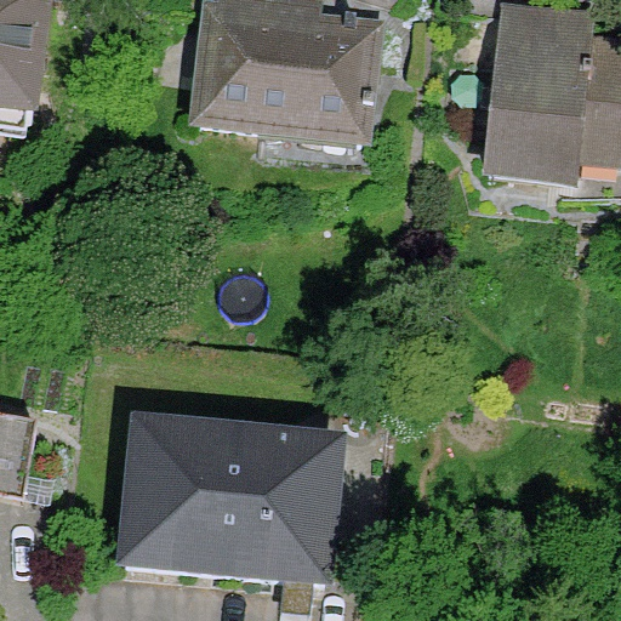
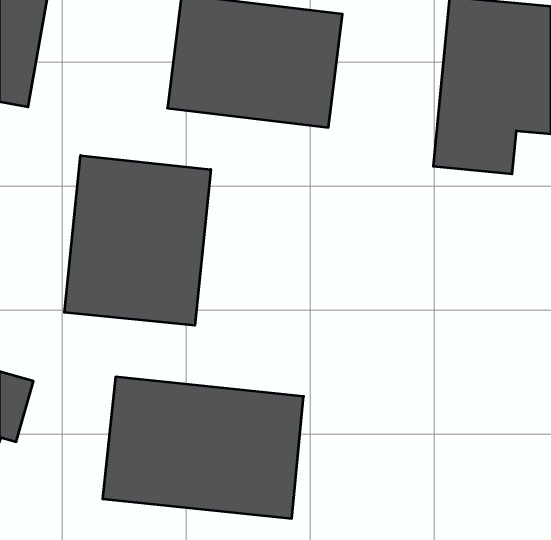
building: none -> [64,155,211,325]

